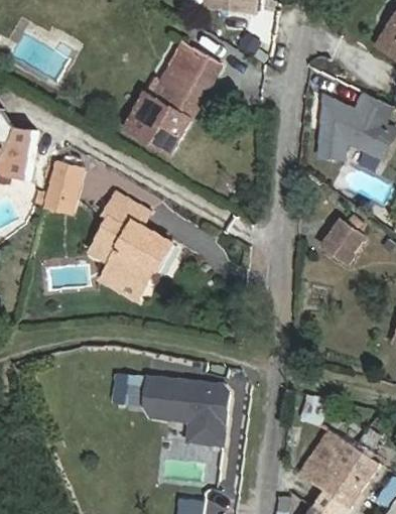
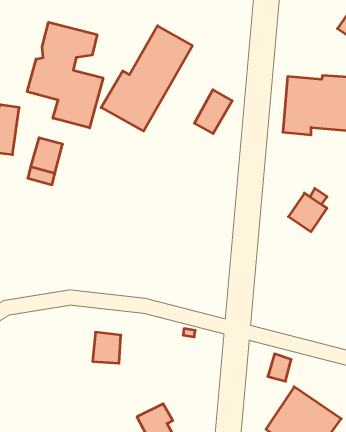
building: none -> [27,22,103,128]
building: none -> [194,90,232,134]
building: [89,194,170,292] -> none
building: [142,374,235,444] -> none

